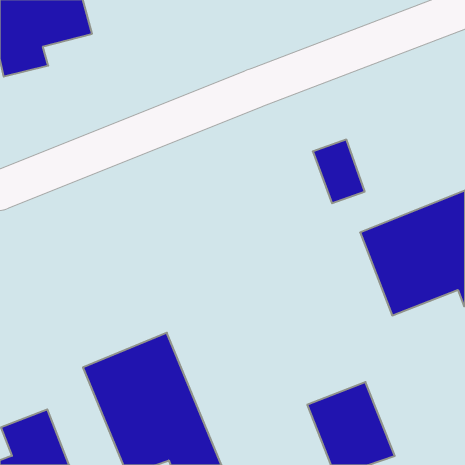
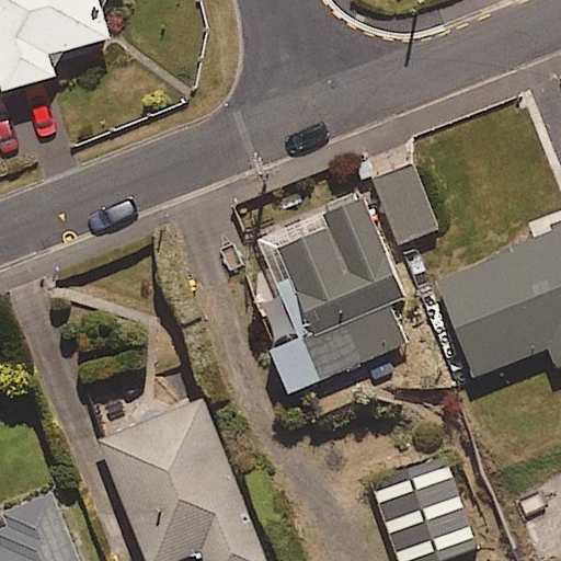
building: none -> [256,196,409,394]

